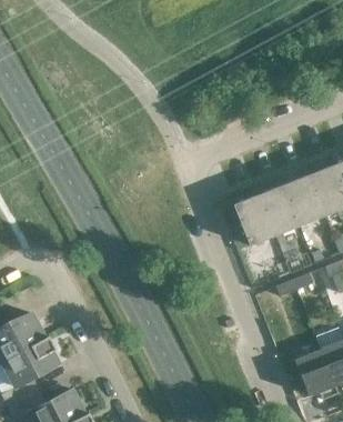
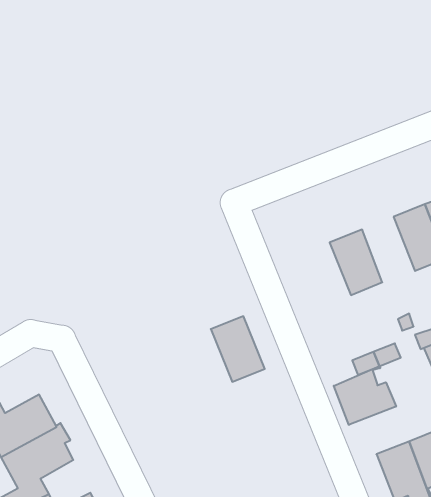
building: [283,173,324,224] -> none
building: [232,193,274,244] -> [211,316,265,382]
building: none -> [334,366,396,425]

